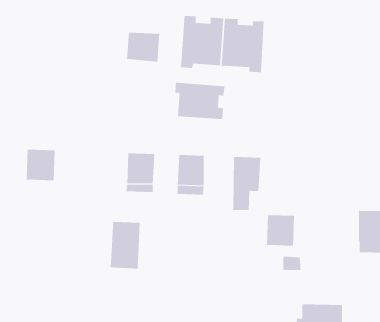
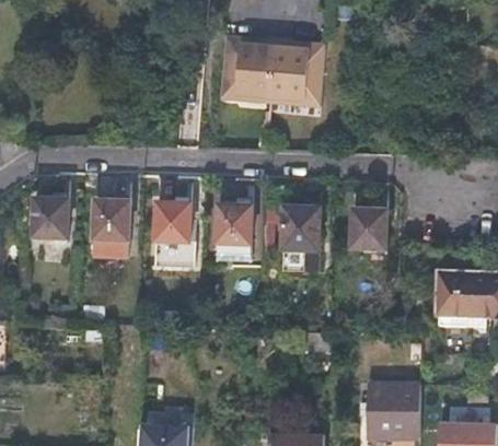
building: [127,32,160,63] -> none
building: [175,82,225,120] -> none
building: [266,215,295,246] -> [350,209,385,247]
building: [110,222,140,269] -> [92,199,129,257]

